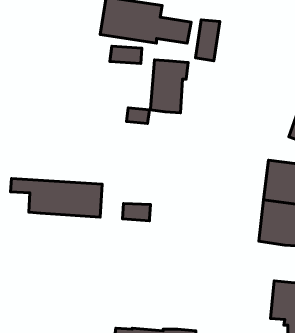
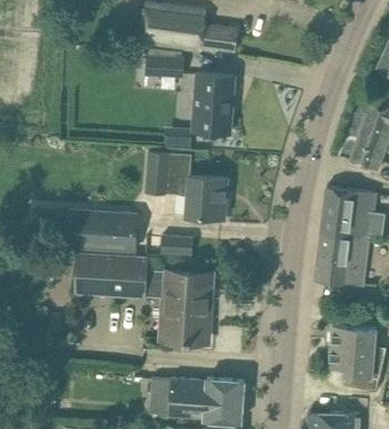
building: [195,20,220,61] -> none
building: none -> [145,151,227,219]
building: none -> [76,253,212,346]

